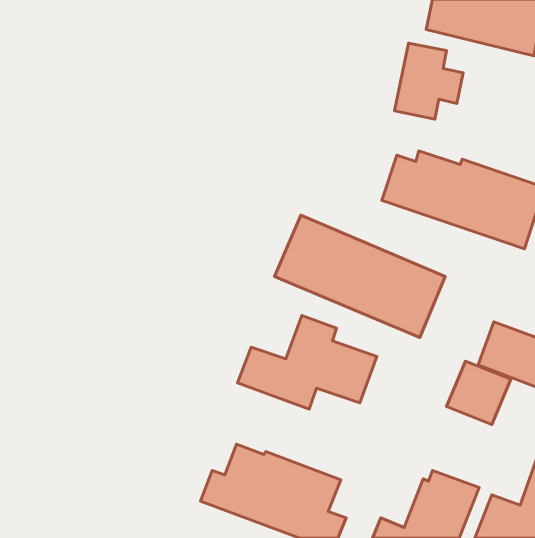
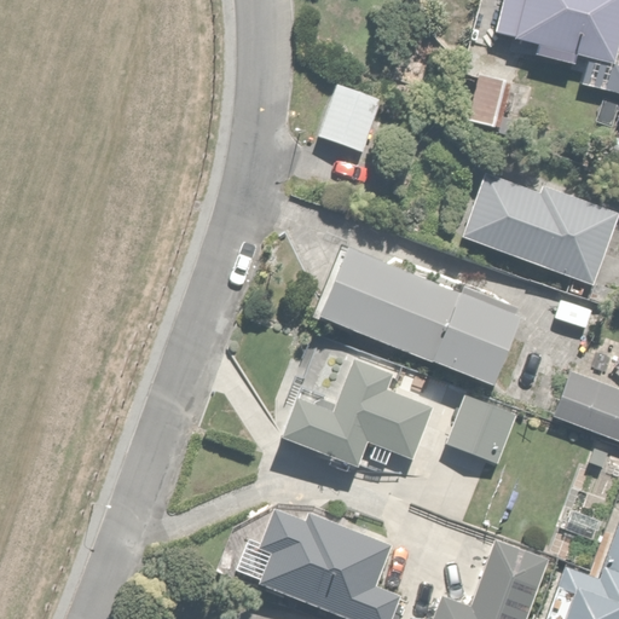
building: none -> [322,81,386,151]
building: [446,361,511,425] -> [446,392,520,464]

